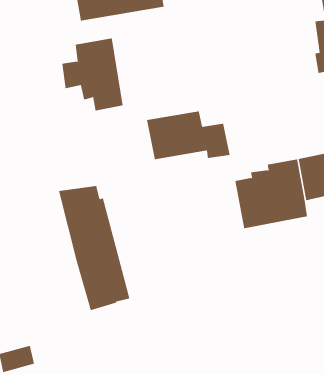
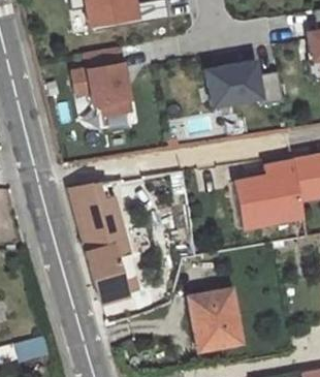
building: [146,111,231,160] -> [205,61,284,106]
building: none -> [189,289,243,348]

